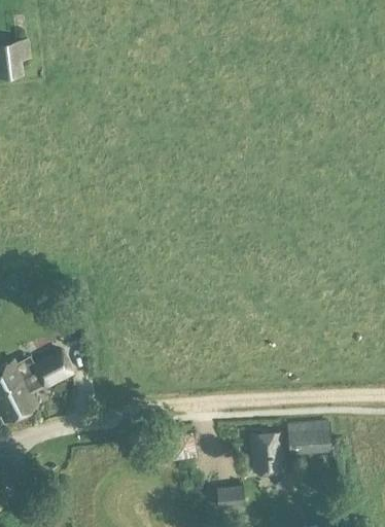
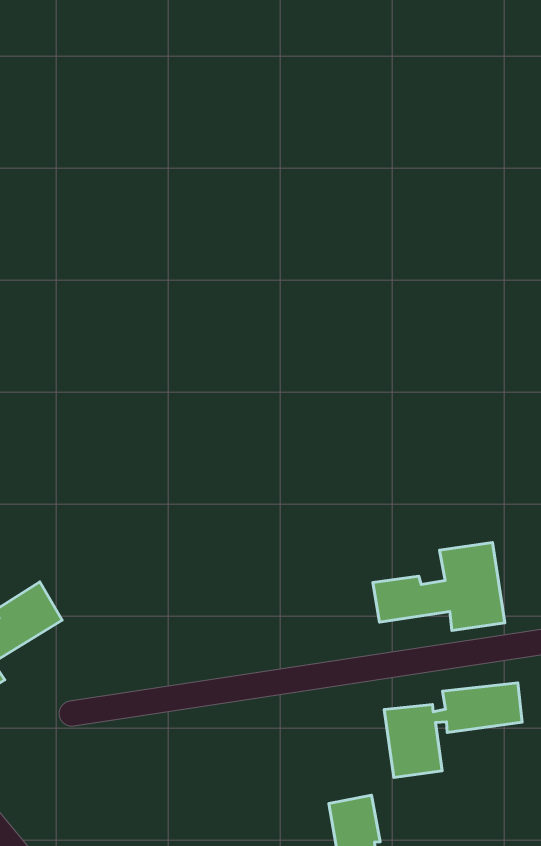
building: none -> [373,543,505,631]

